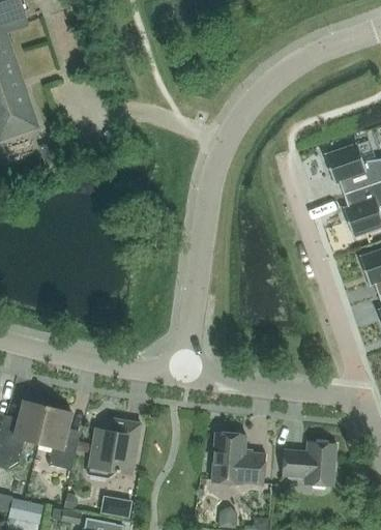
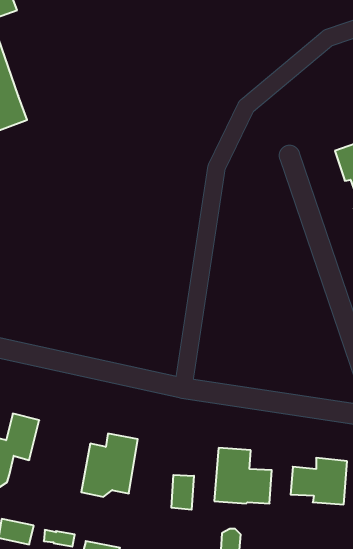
building: [38,406,78,469] -> none
building: none -> [171,475,194,510]
building: [100,495,131,518] -> none

